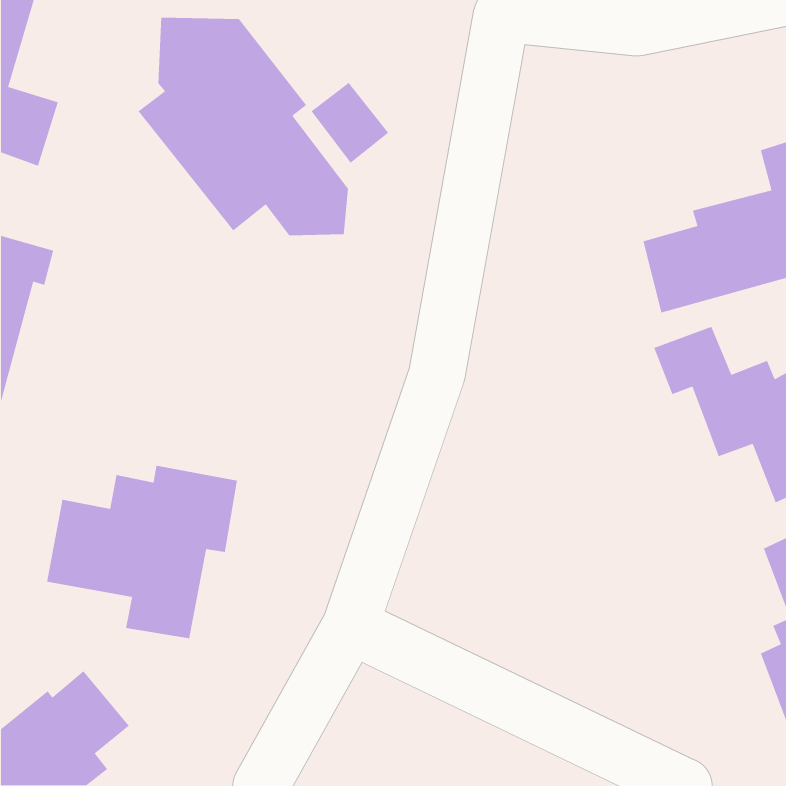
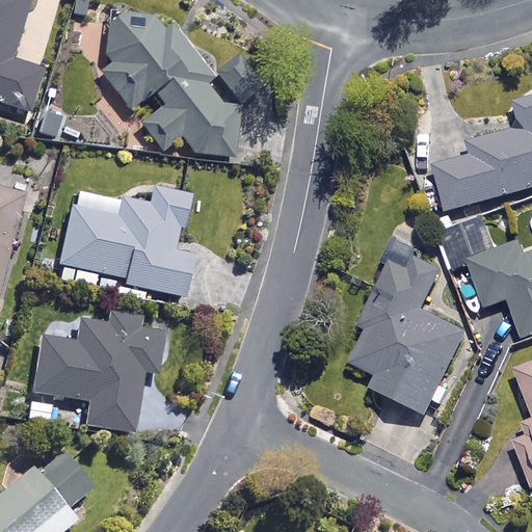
building: none -> [57,186,190,296]
building: none -> [344,241,463,414]

